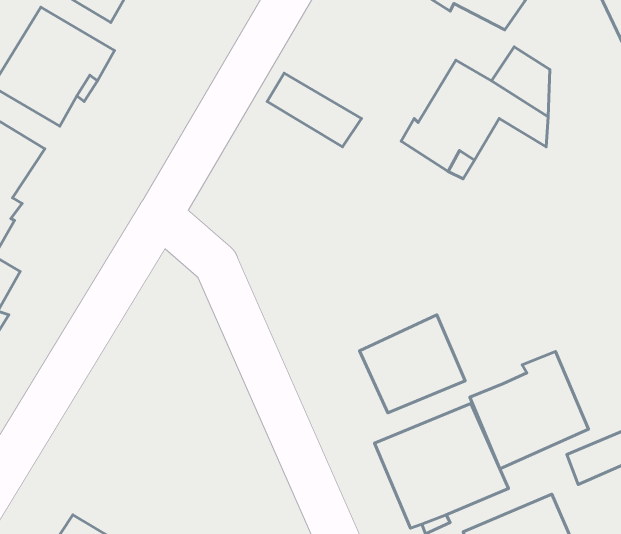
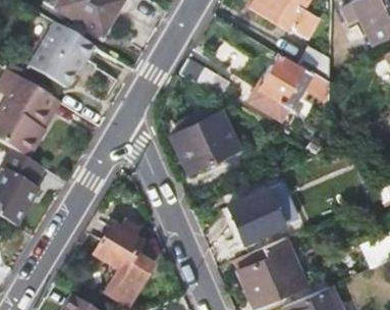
building: none -> [170,111,238,169]
building: [470,351,588,469] -> none
building: none -> [93,226,157,299]

